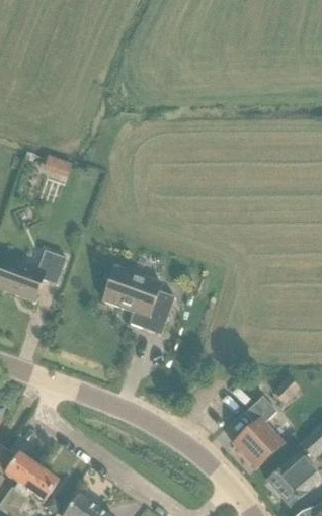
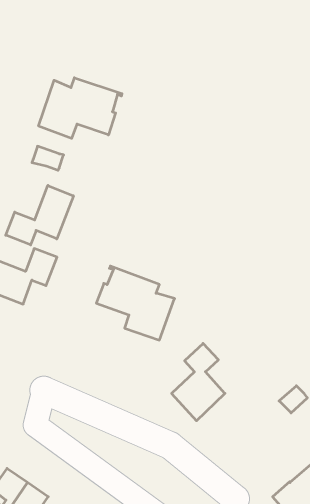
building: none -> [39,78,122,138]
building: none -> [6,185,73,245]
building: [233,396,283,467] -> [172,343,225,421]

